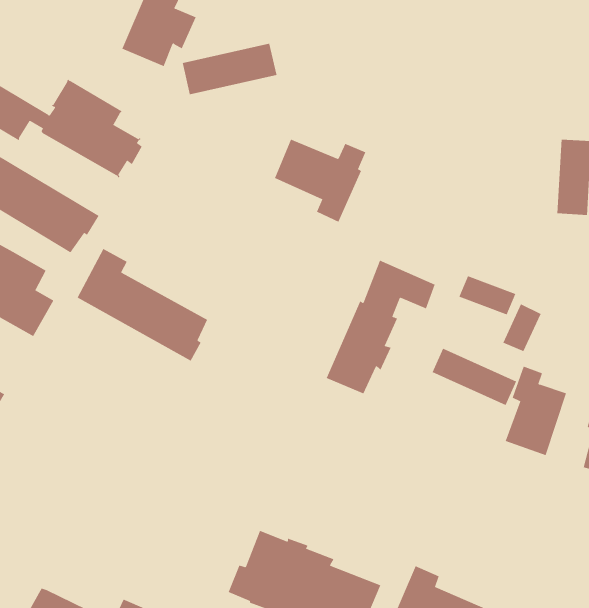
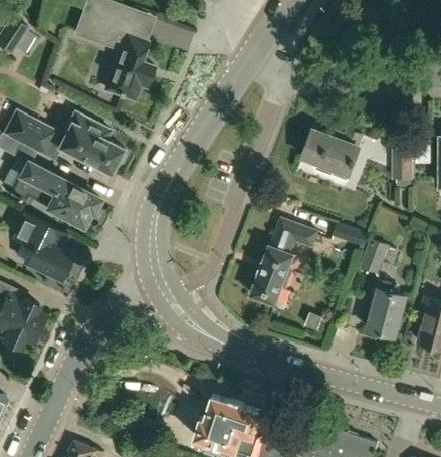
building: [182,43,277,95] -> none
building: [274,139,366,222] -> [303,130,362,182]
building: [77,248,208,361] -> none
building: [432,348,517,406] -> none

